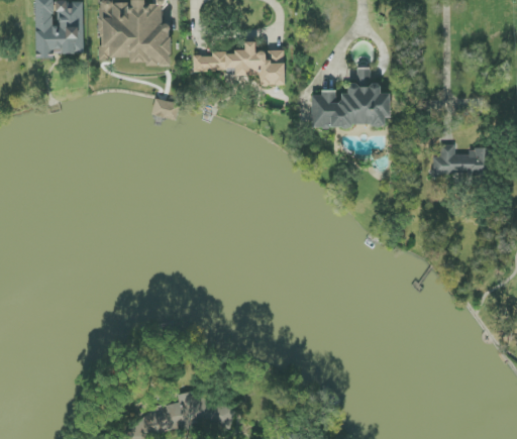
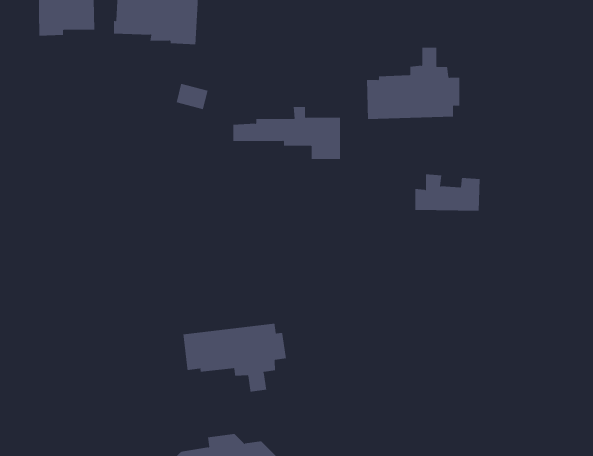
building: [193,41,284,86] -> [232,106,341,159]
building: [431,144,487,176] -> [414,174,481,211]
building: none -> [183,323,287,393]

